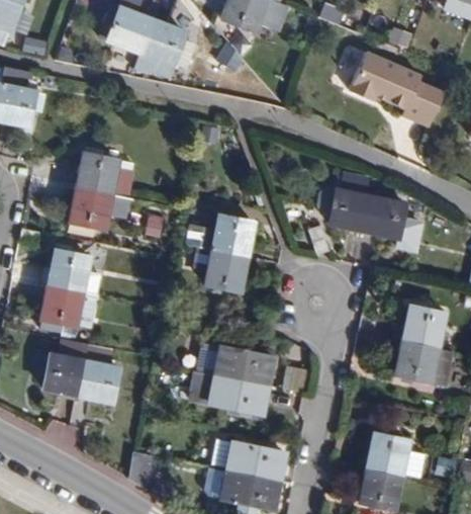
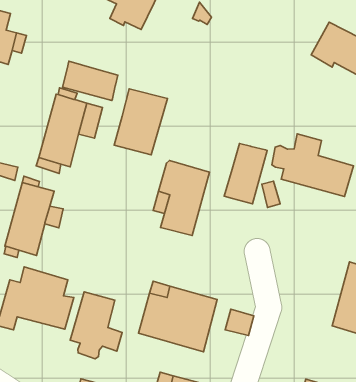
building: none -> [62,61,118,100]
building: none -> [114,89,168,155]
building: none -> [224,143,267,204]
building: none -> [70,292,122,359]

